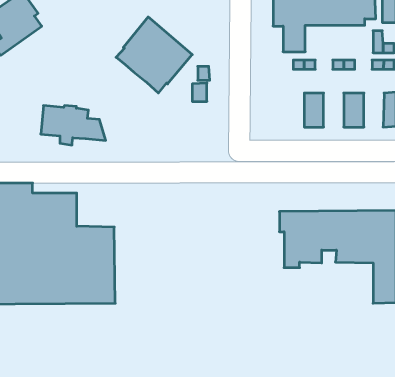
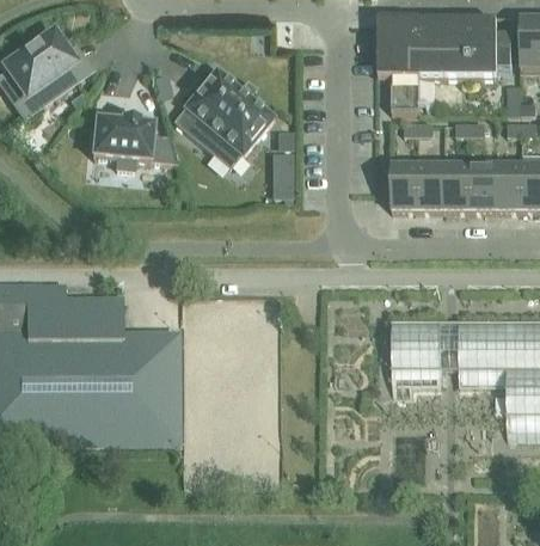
building: none -> [392,165,419,209]
building: none -> [444,165,471,209]
building: none -> [497,165,523,209]
building: [41,106,106,145] -> [92,117,177,168]

